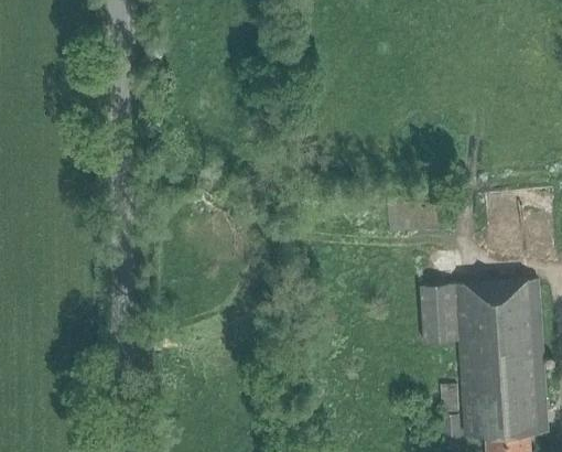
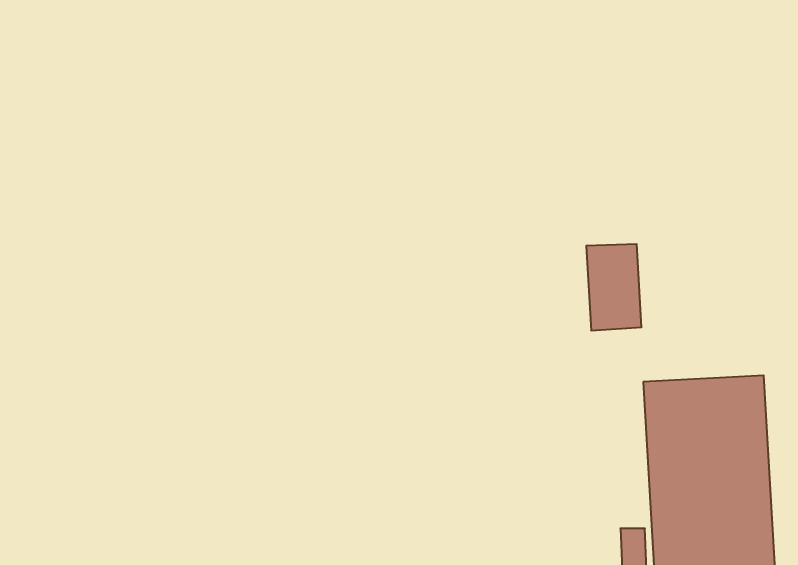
building: [421,286,458,344] -> [586,244,642,330]

